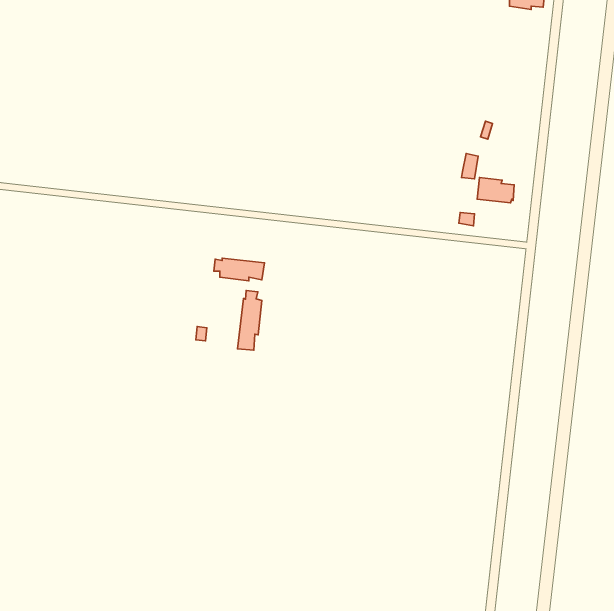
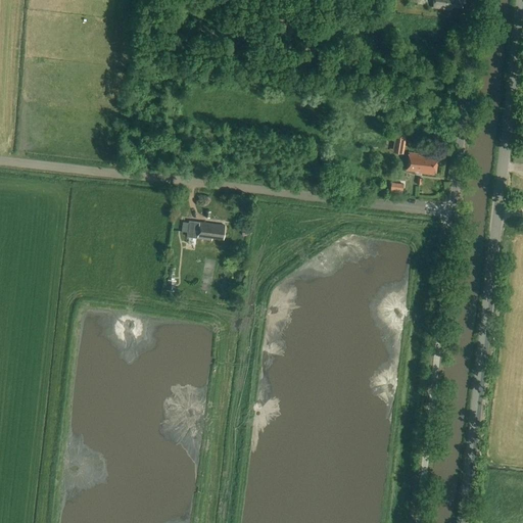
building: [238,290,262,350] -> none

